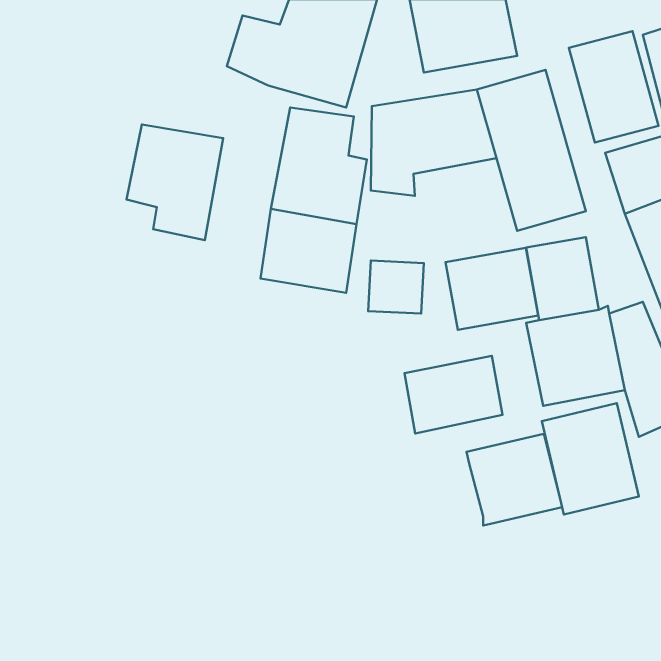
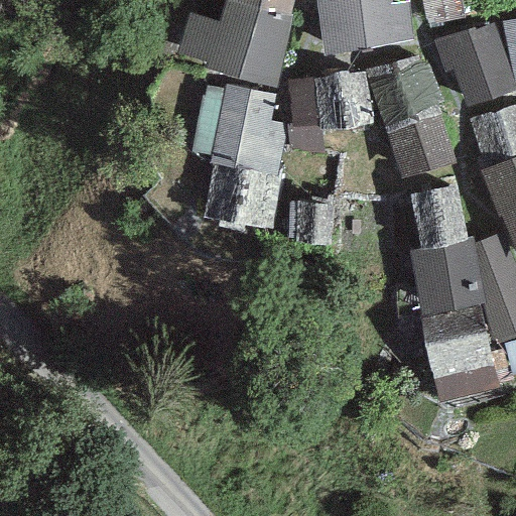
building: [126,125,223,240] -> none
building: [445,248,538,330] -> none
building: [405,356,503,434] -> none
building: [466,434,562,526] -> none

